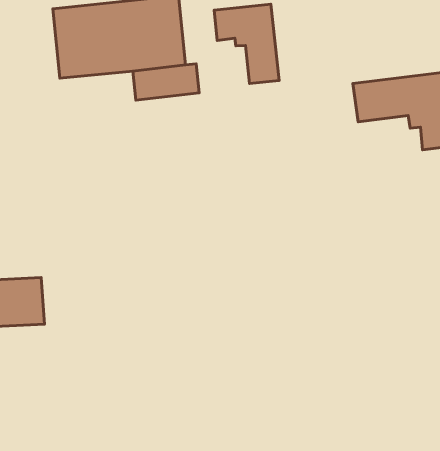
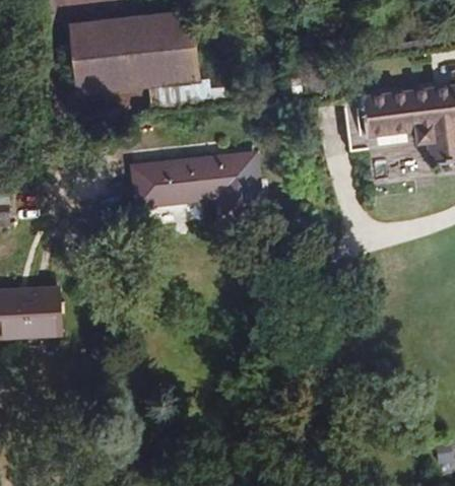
building: [214,4,279,84] -> none
building: none -> [131,152,259,217]

